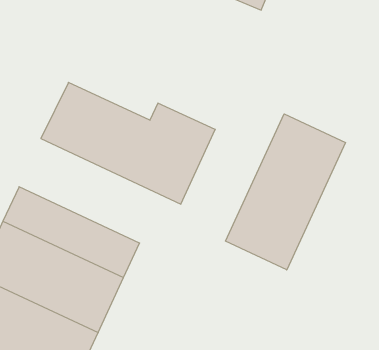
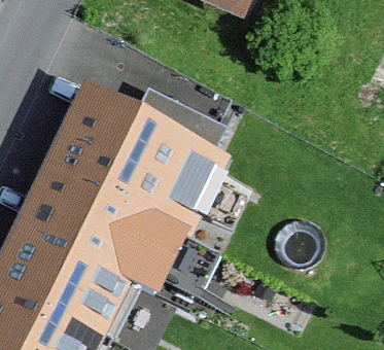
building: [226,114,346,270] -> none
building: none -> [36,137,181,239]

